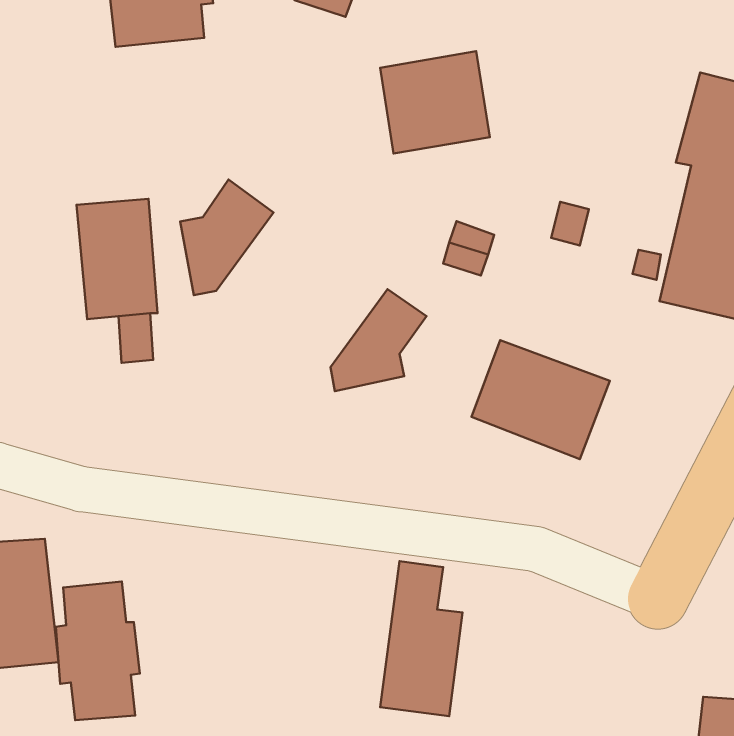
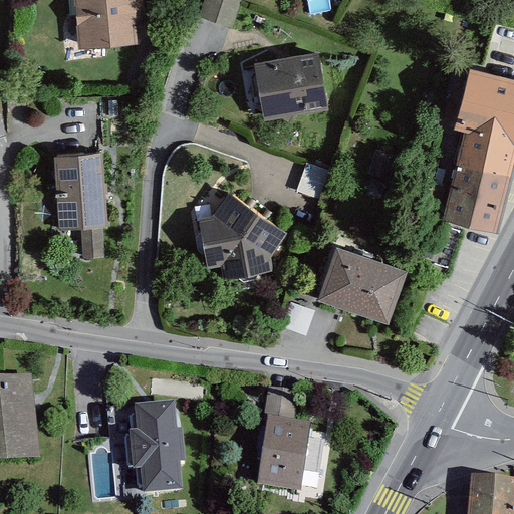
building: [180,179,273,295] -> [198,188,260,265]
building: [56,582,140,720] -> [130,405,186,497]

